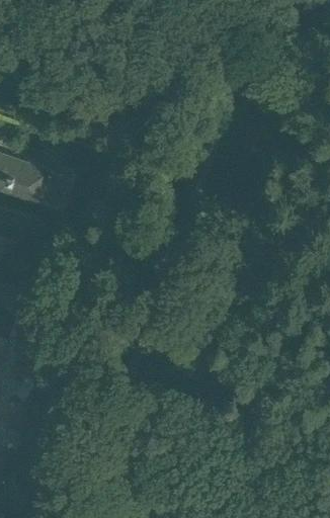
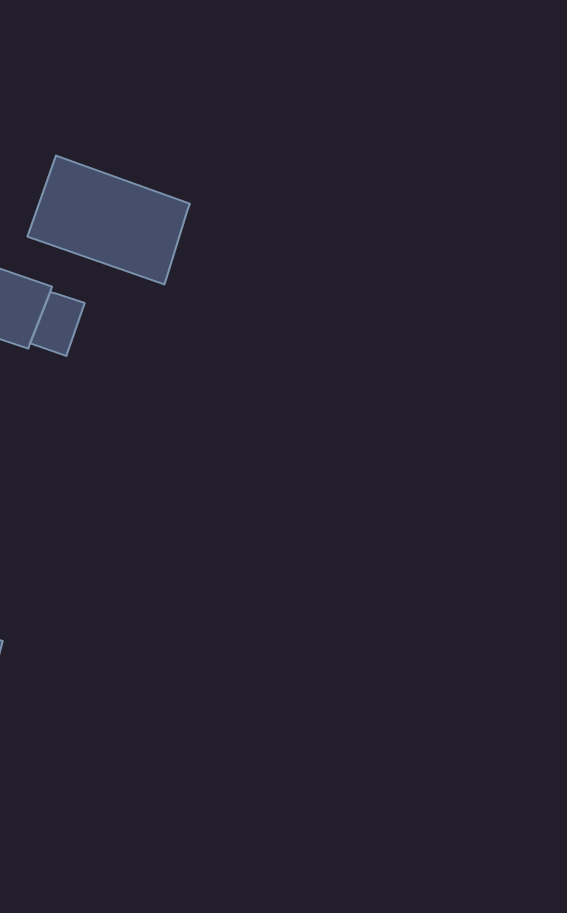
building: none -> [28,155,190,285]

